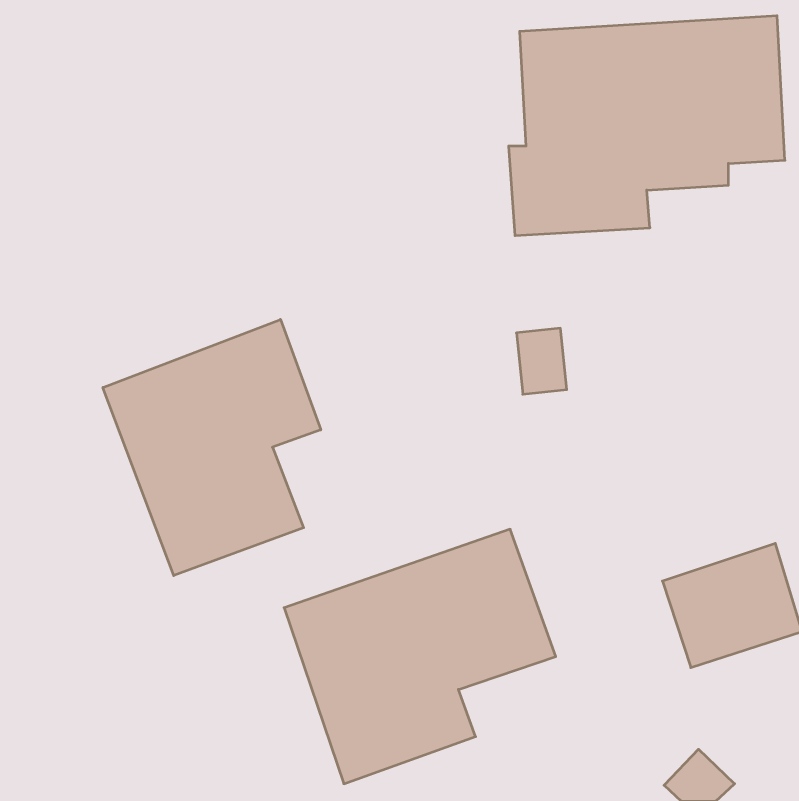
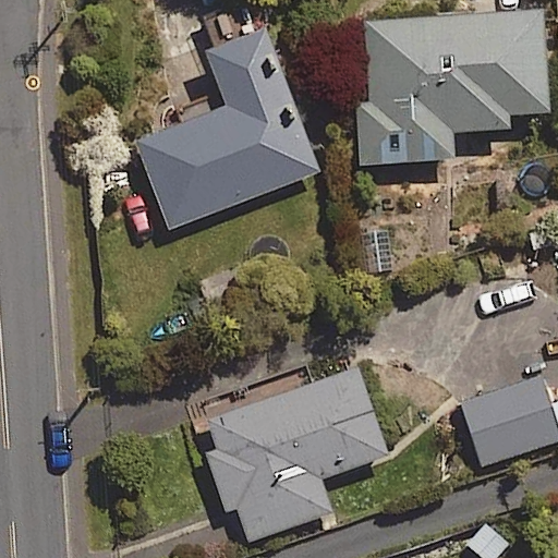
building: none -> [136,29,318,227]
building: [103,319,321,576] -> none

